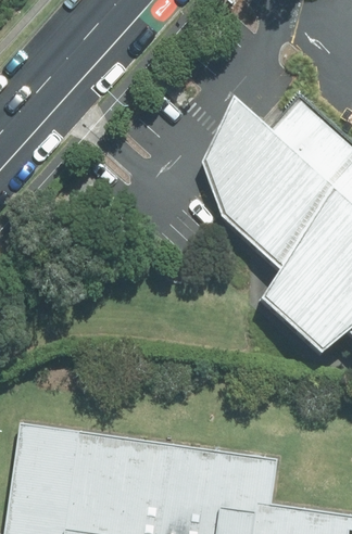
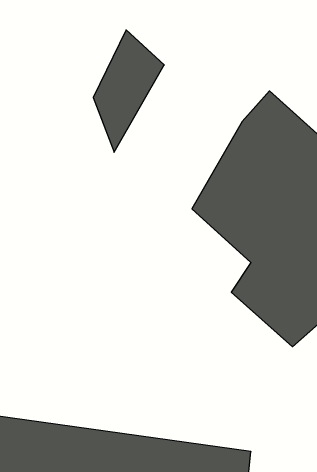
building: [200,96,271,217] -> [93,30,164,152]

